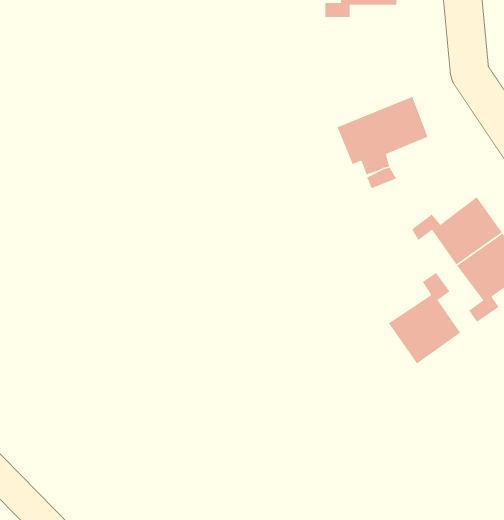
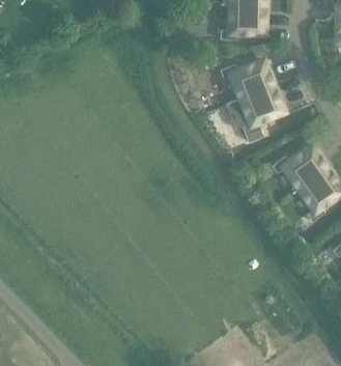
building: none -> [217,61,271,98]
building: [388,272,461,365] -> none

